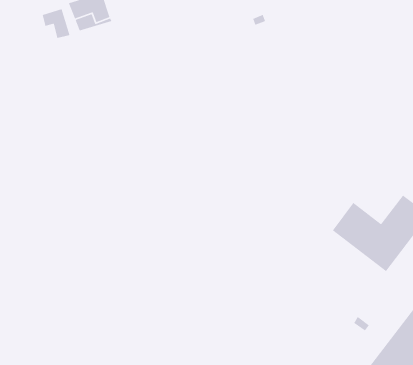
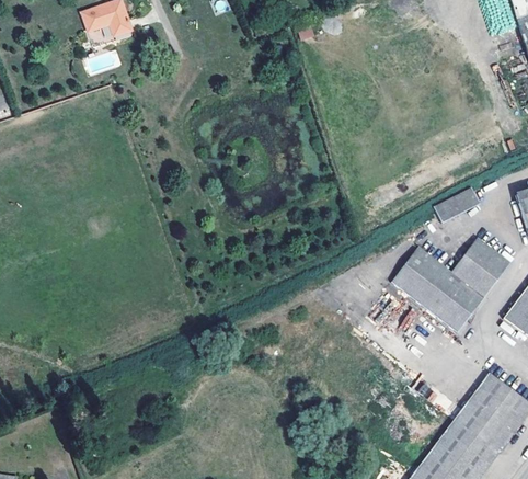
building: [42,8,71,39] -> none
building: none -> [435,187,480,221]

